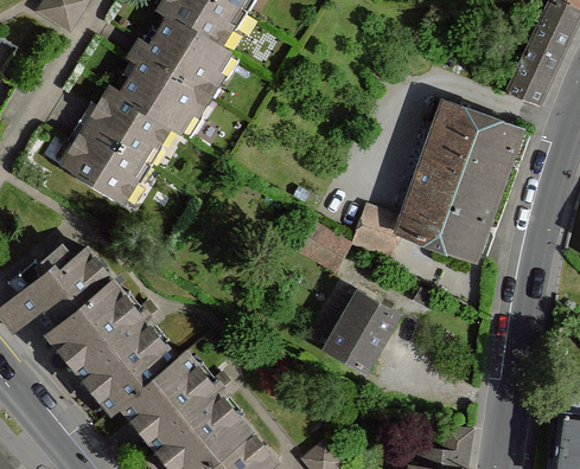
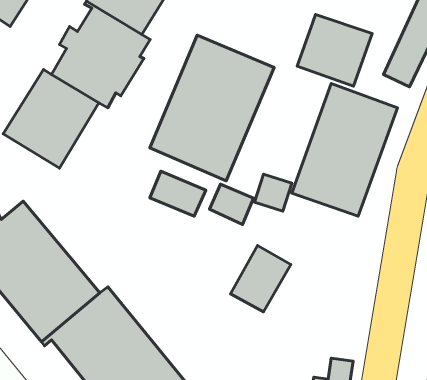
building: none -> [297,14,372,86]
building: none -> [150,35,274,181]
building: none -> [150,171,206,216]

